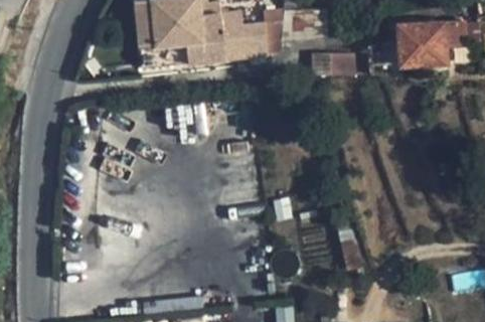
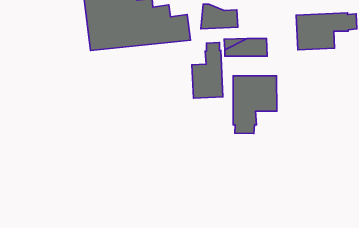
building: none -> [192,43,223,98]
building: none -> [233,76,277,133]

